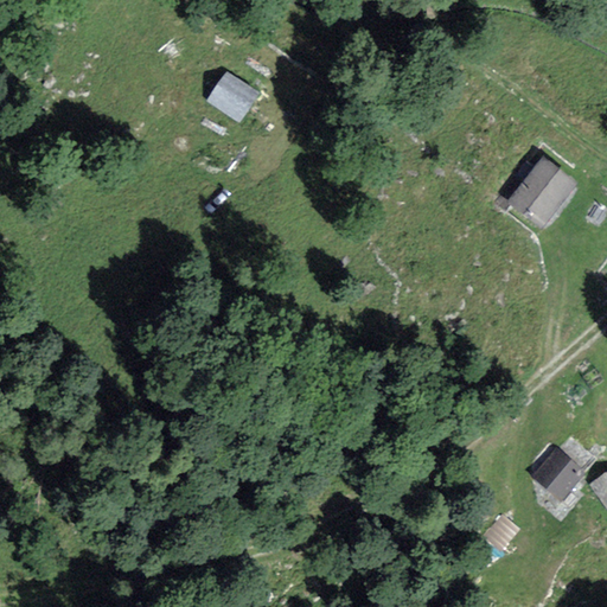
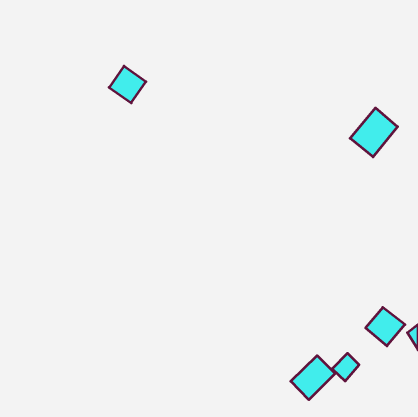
building: [205,70,258,123] -> [109,66,146,103]
building: none -> [291,356,335,400]

